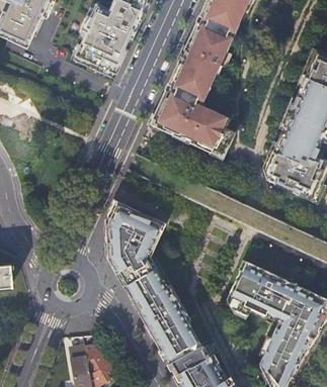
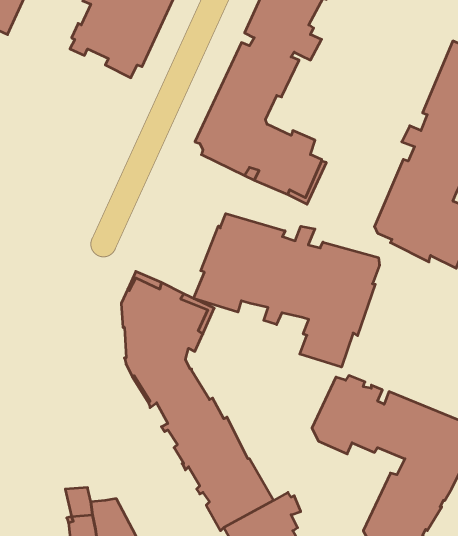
building: none -> [194,214,379,367]

